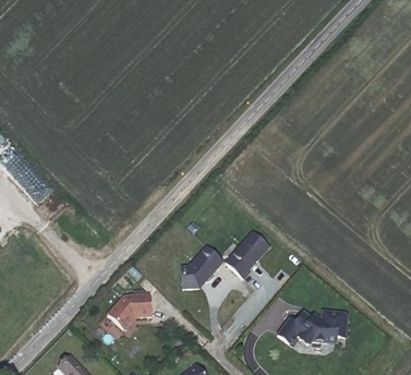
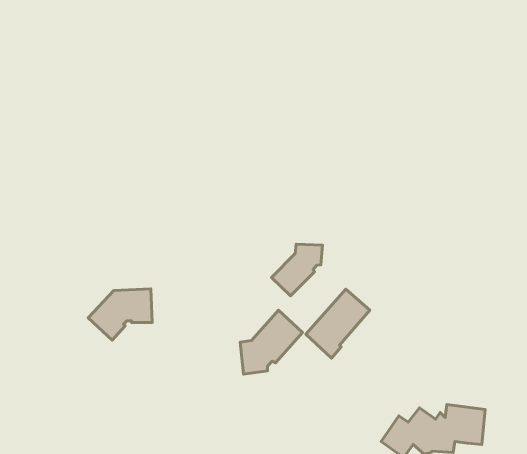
building: none -> [271,244,323,296]
building: [108,293,152,328] -> [88,289,152,340]

